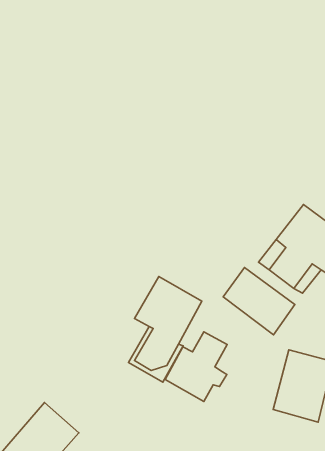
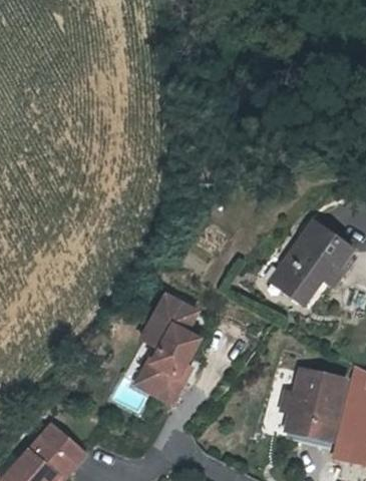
building: [223,267,295,335] -> none
building: [165,332,227,401] -> none

